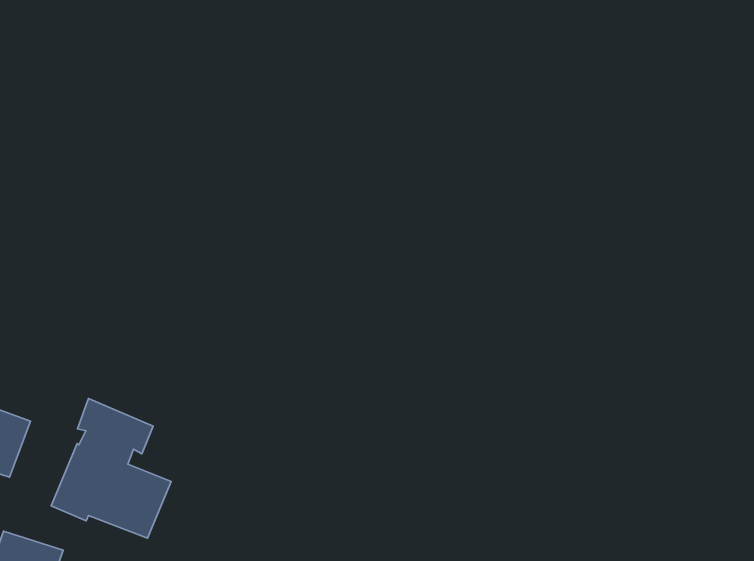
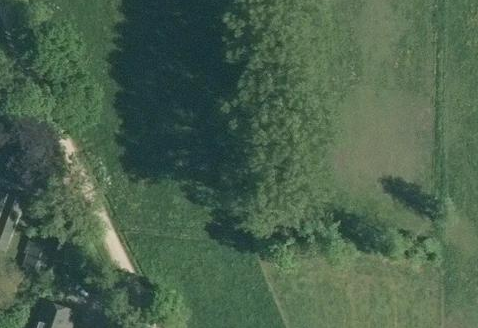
building: [51,399,171,538] -> none

